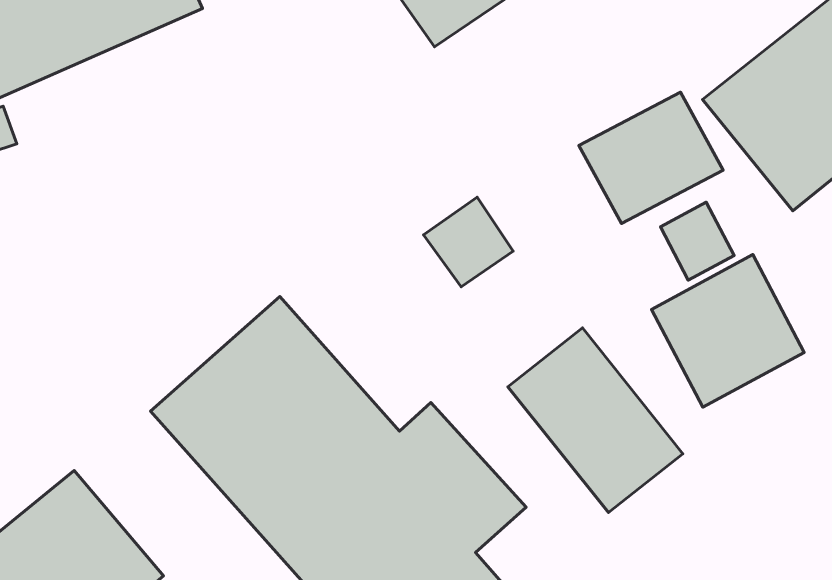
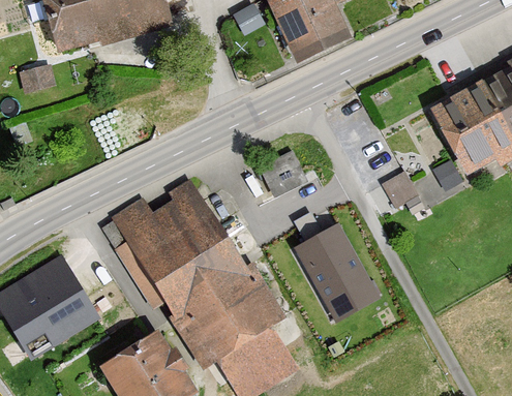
building: [579,92,723,223] -> none
building: [651,255,804,407] -> none

